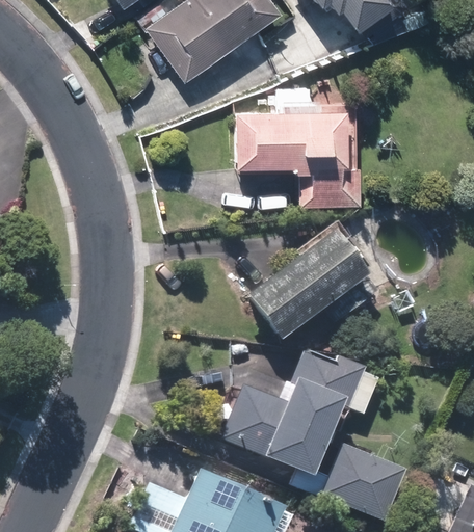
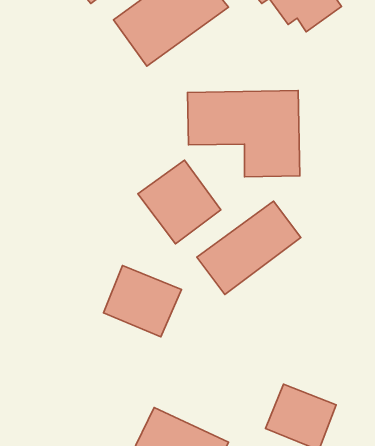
building: none -> [138,160,221,244]
building: none -> [103,265,182,337]
building: [221,349,377,478] -> none

